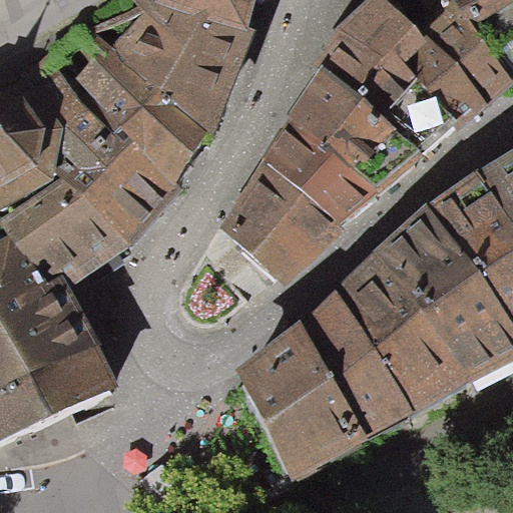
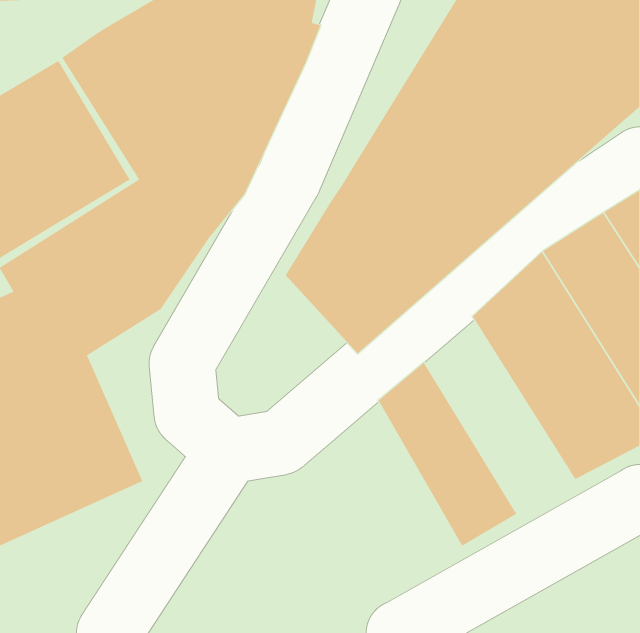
building: [339,252,459,410] -> none
building: [233,320,369,474] -> none

